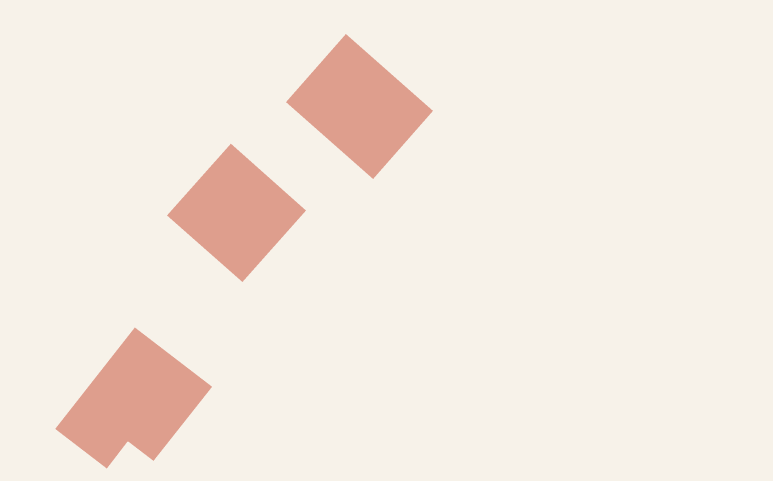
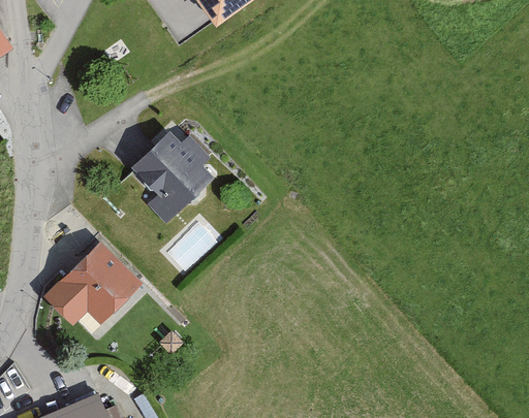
building: [285,33,434,180] -> none

